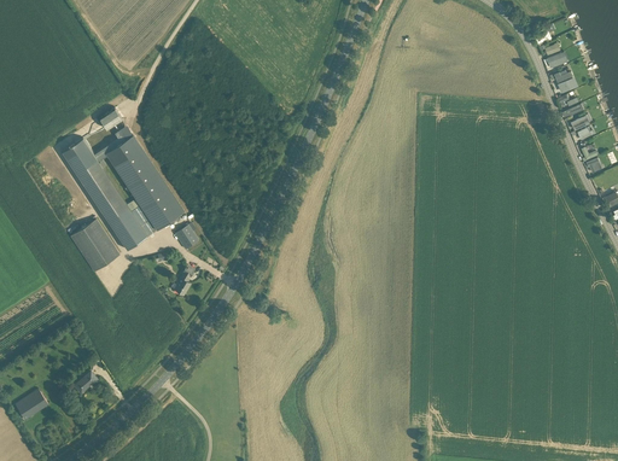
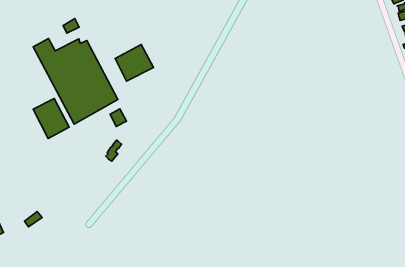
building: none -> [115,45,153,81]

